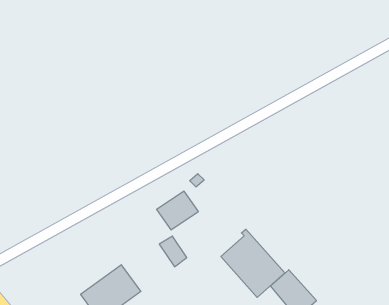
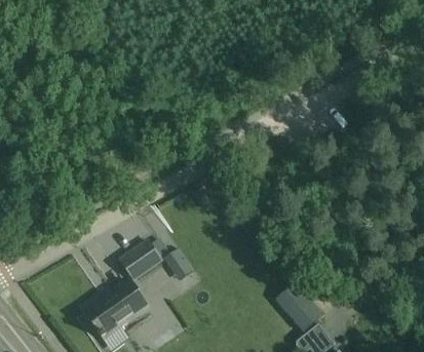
building: [157,191,198,230] -> [120,240,162,279]
building: [221,229,285,297] -> none

